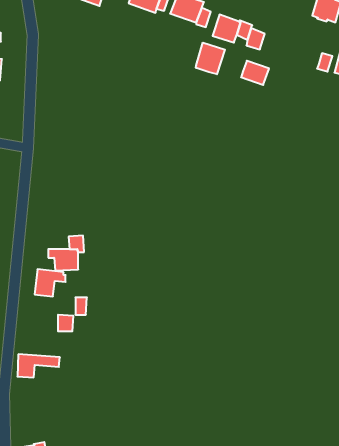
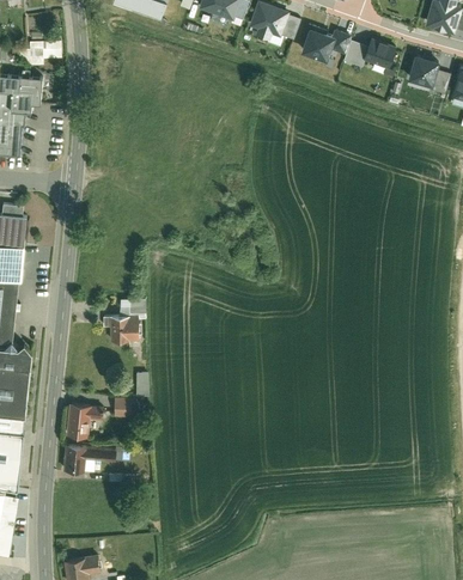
building: none -> [409,54,440,86]
building: [196,43,225,74] -> none
building: [241,61,269,85] -> [365,36,400,66]
building: [35,269,66,296] -> [61,403,99,436]

